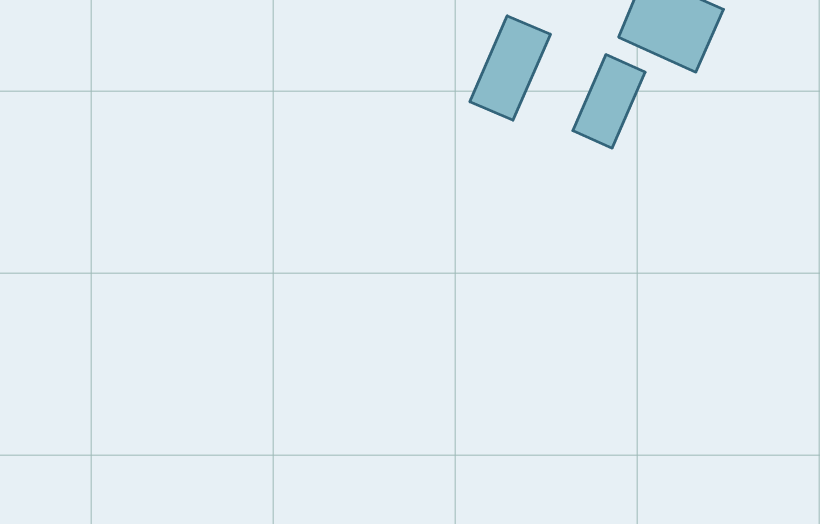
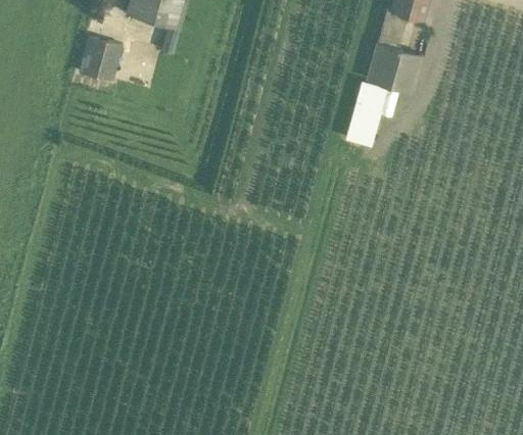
building: [470,16,550,120] -> none

